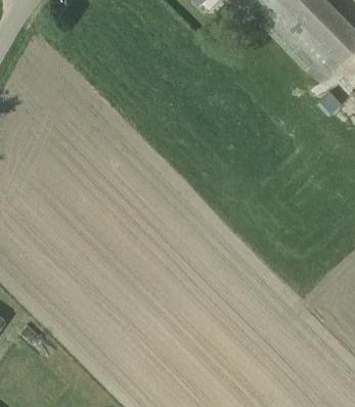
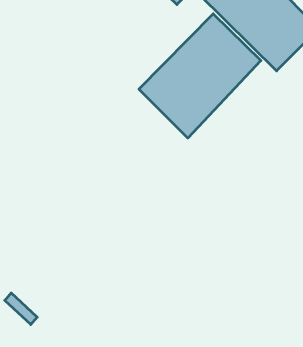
building: none -> [139,14,261,138]

